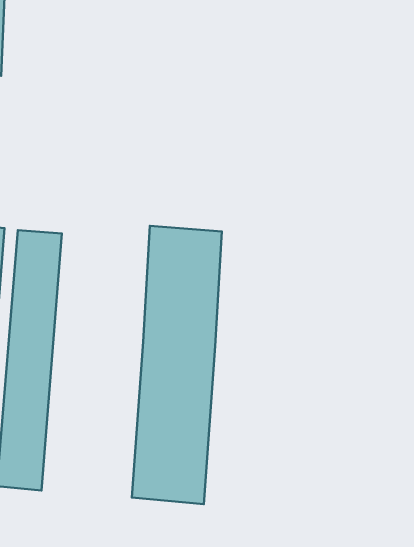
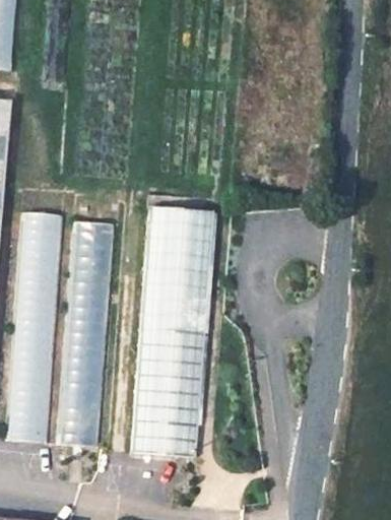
building: none -> [56,220,115,447]

